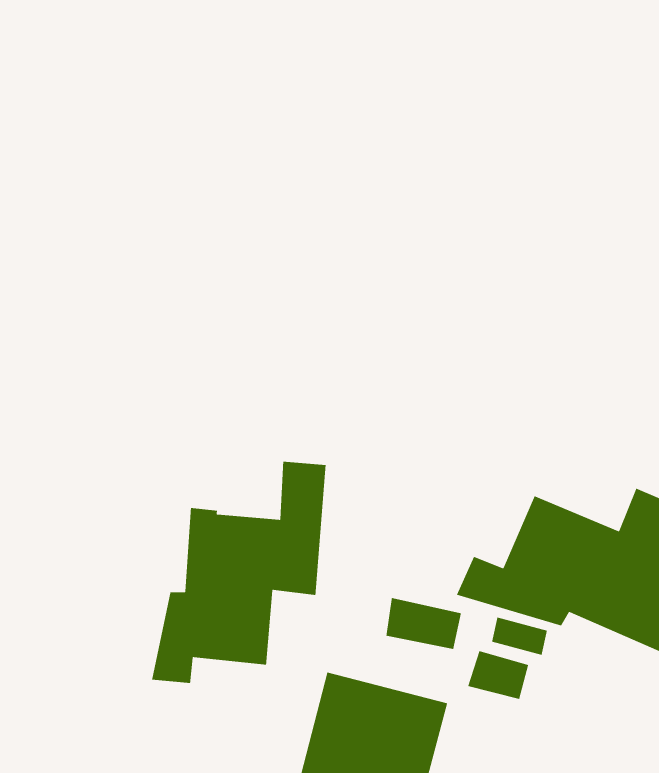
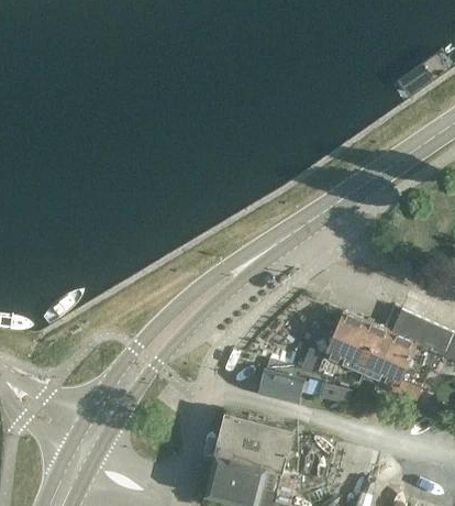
building: [151,461,326,684] -> none
building: [467,650,529,700] -> none

